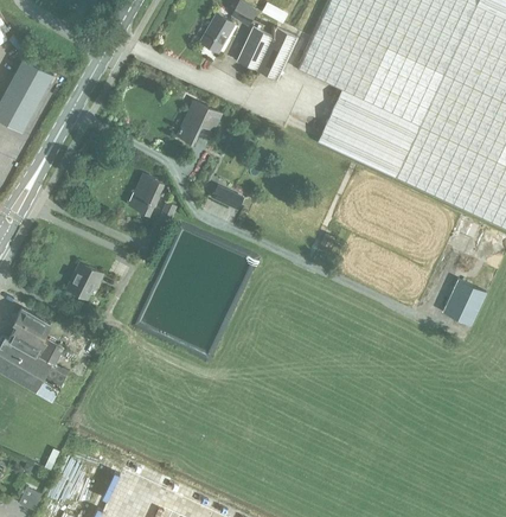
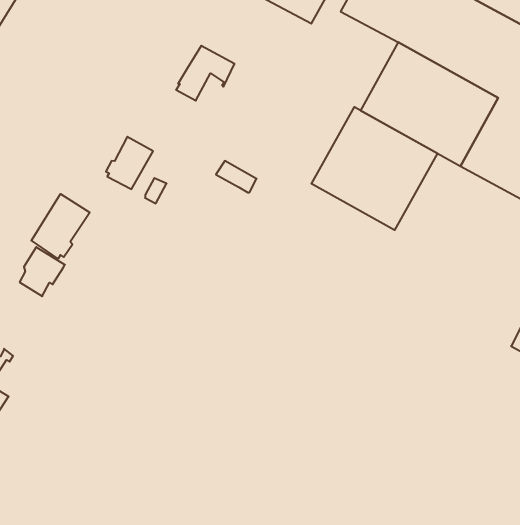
building: none -> [311,107,438,230]
building: none -> [31,194,90,259]

